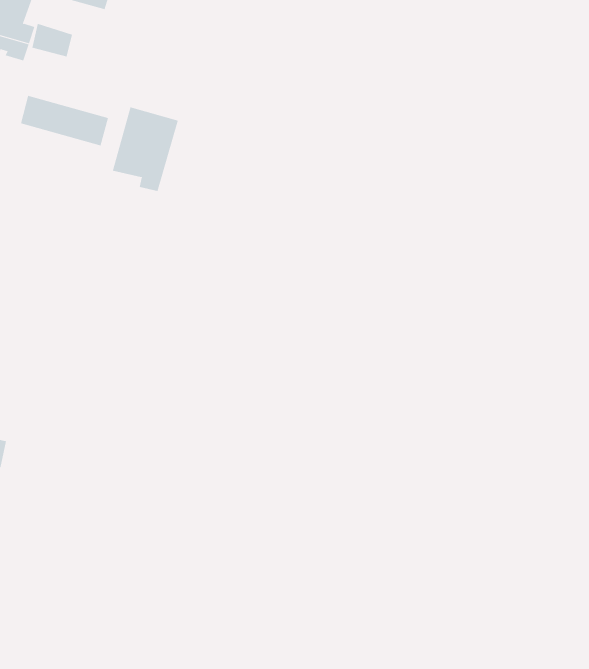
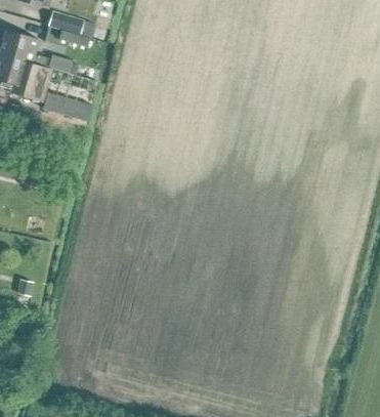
building: [112,107,179,192] -> none

